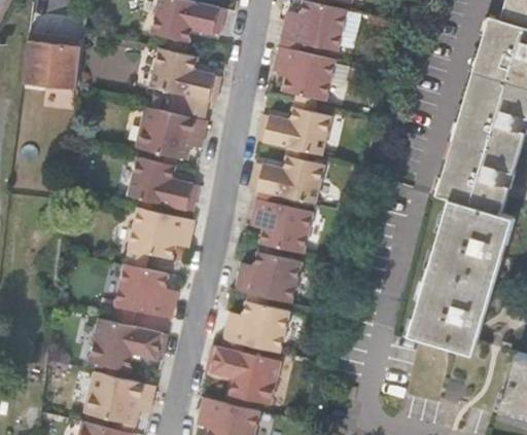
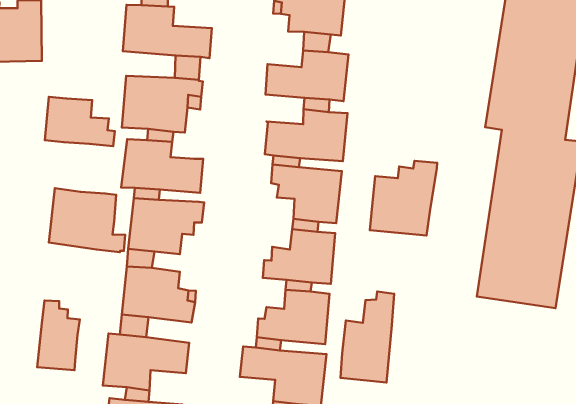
building: none -> [45,97,115,146]
building: none -> [49,188,125,252]
building: none -> [370,161,437,235]
building: none -> [37,300,80,370]
building: none -> [340,291,394,382]

